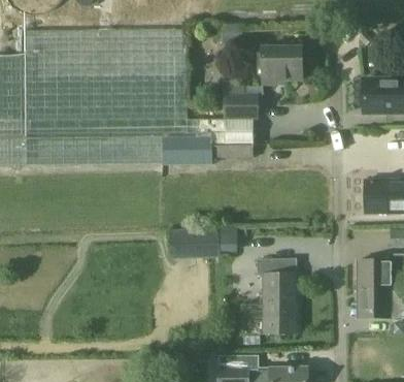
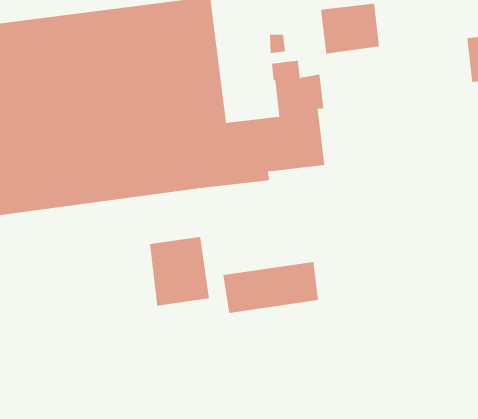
building: none -> [149,236,210,306]
building: [256,257,295,331] -> none

